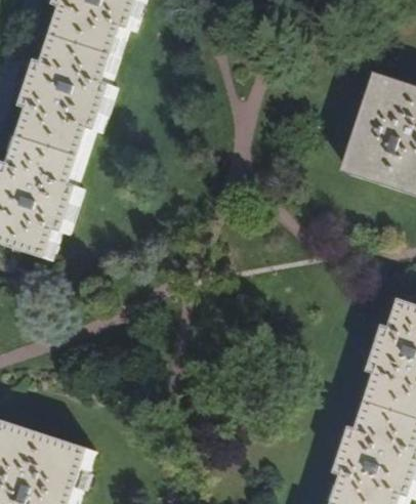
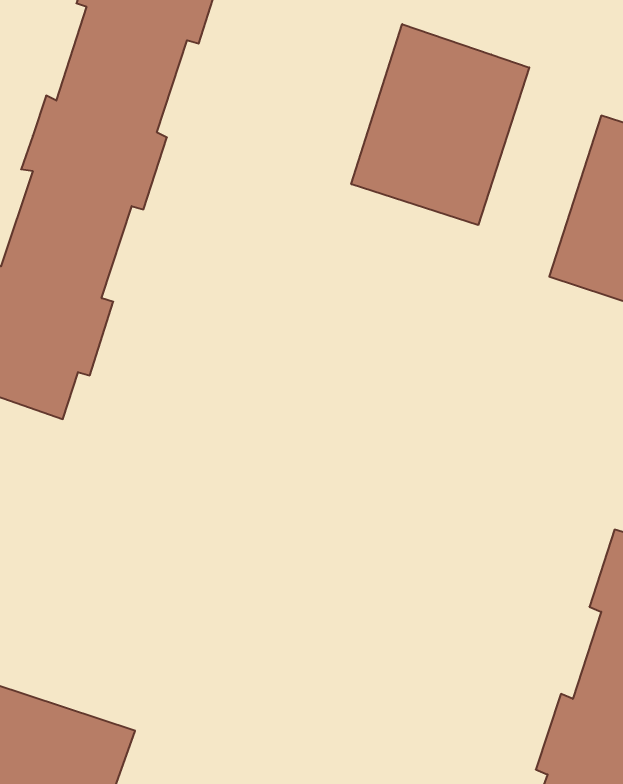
building: none -> [351,24,529,225]

